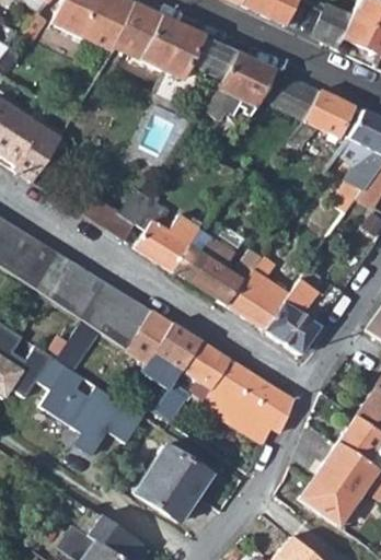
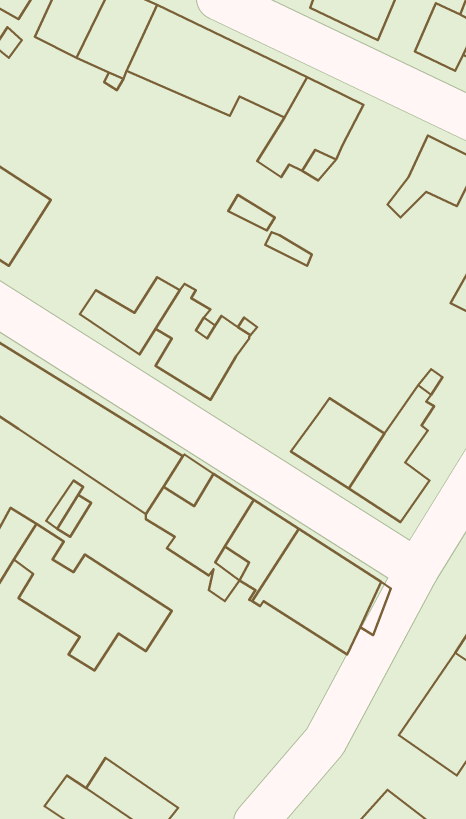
building: [261,71,319,120] -> none
building: [171,230,244,306] -> none
building: [136,445,211,521] -> none

